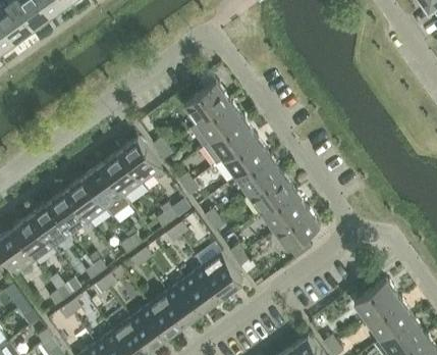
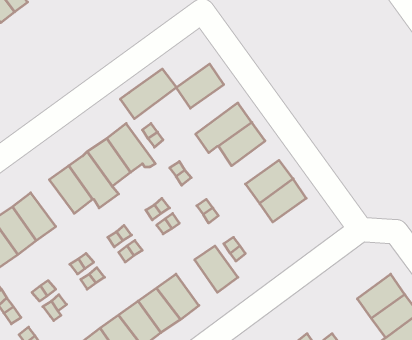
building: [188,101,241,148] -> [120,69,177,119]
building: [235,154,280,195] -> none
building: [47,191,88,235] -> none
building: [274,208,319,249] -> none
building: [183,266,222,309] -> none

